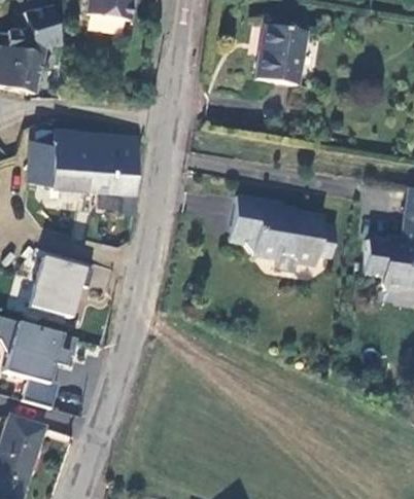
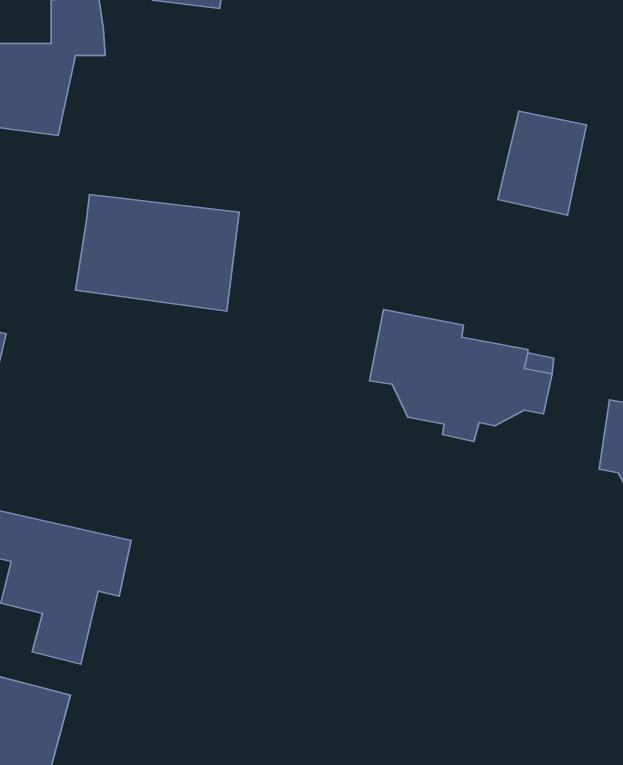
building: [249,24,302,85] -> [498,111,587,215]
building: [25,140,55,183] -> none
building: [33,253,90,315] -> none

